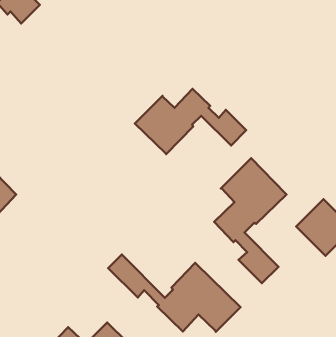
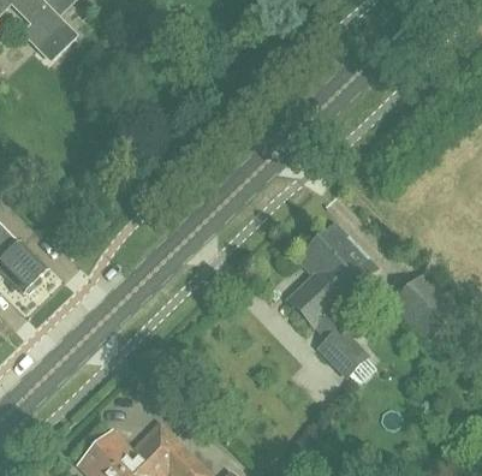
building: [135,89,246,154] -> none
building: [108,255,240,332] -> none

